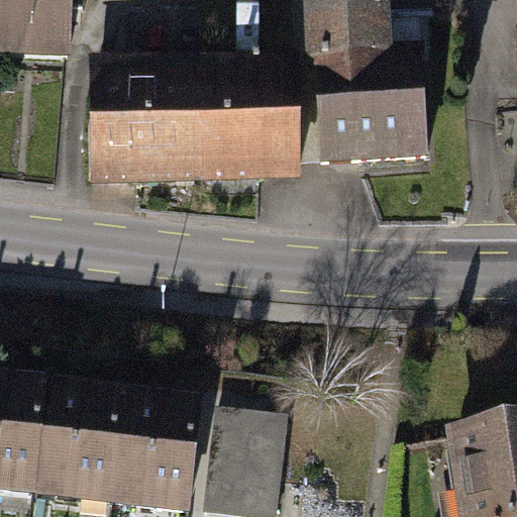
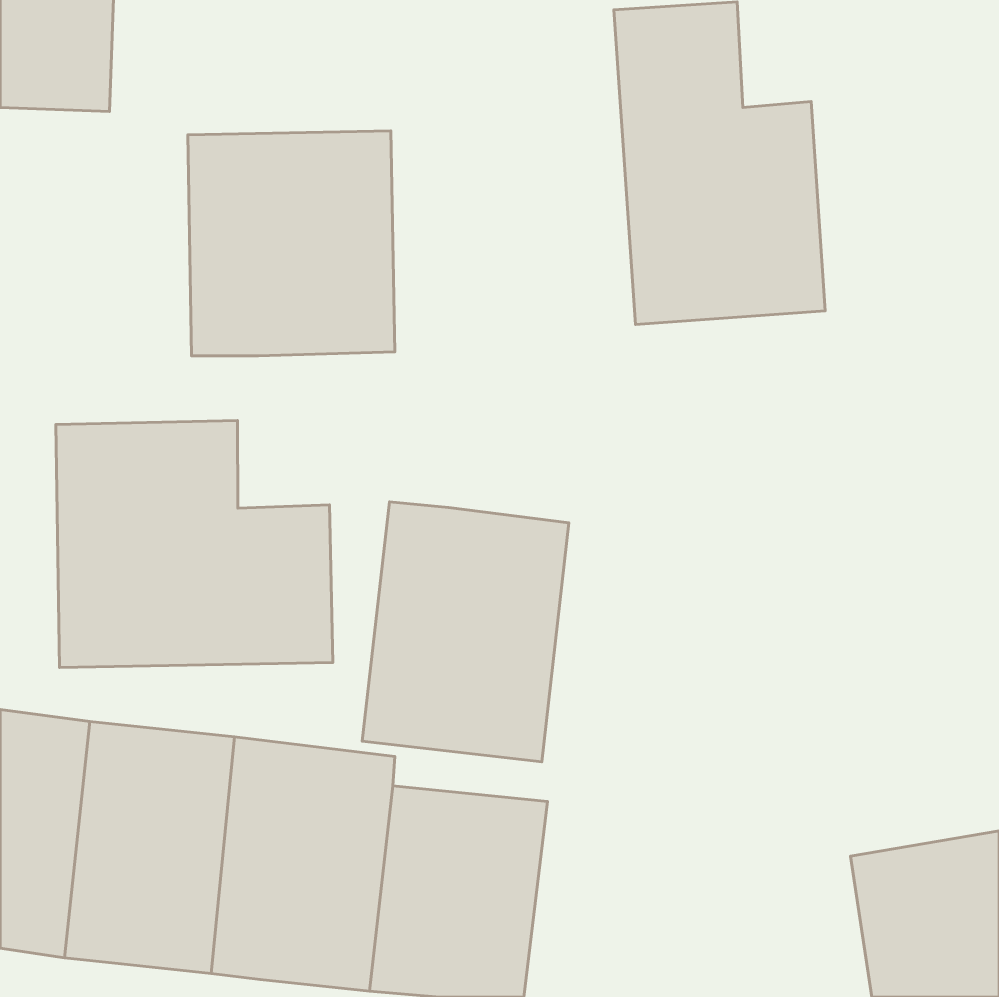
building: [202,66,295,182] -> none
building: none -> [56,420,333,667]
building: none -> [362,502,569,762]

